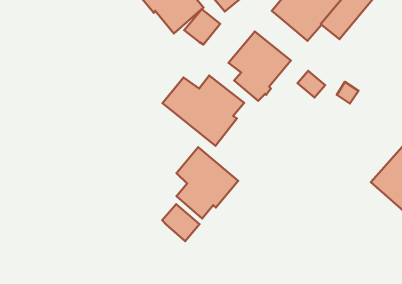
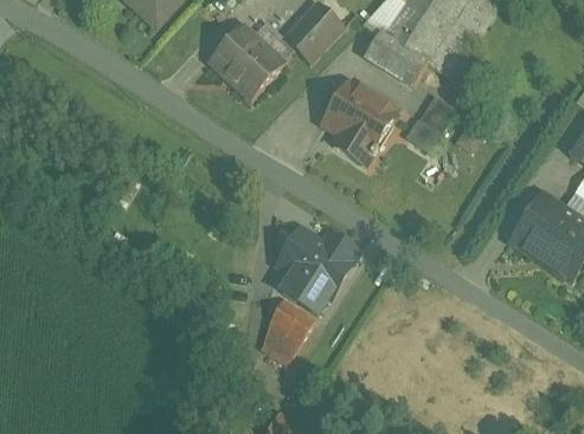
building: [184,9,220,45] -> none
building: none -> [418,95,457,134]
building: [162,76,244,146] -> none
building: none -> [263,325,300,362]

